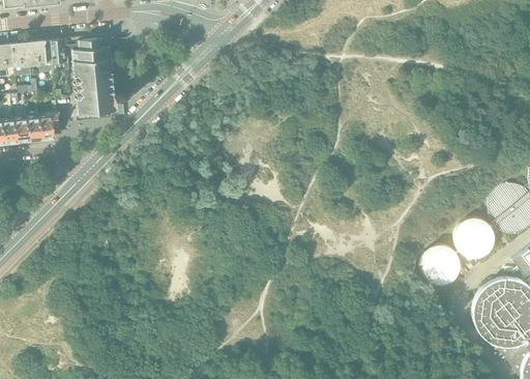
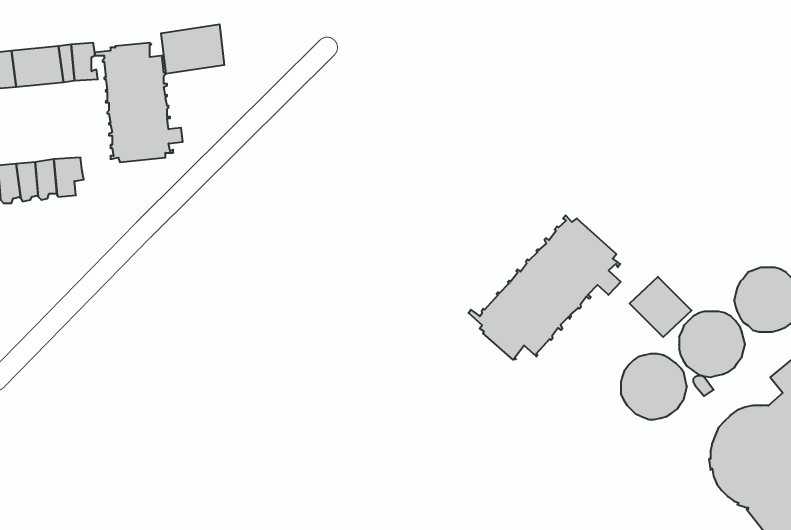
building: none -> [161,24,224,74]
building: none -> [468,215,621,360]
building: none -> [630,277,692,337]

